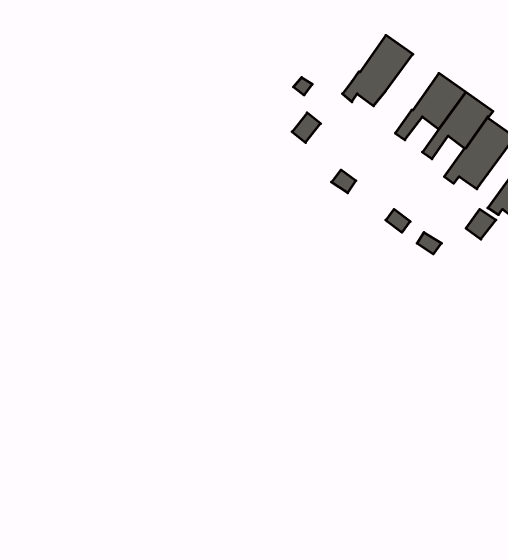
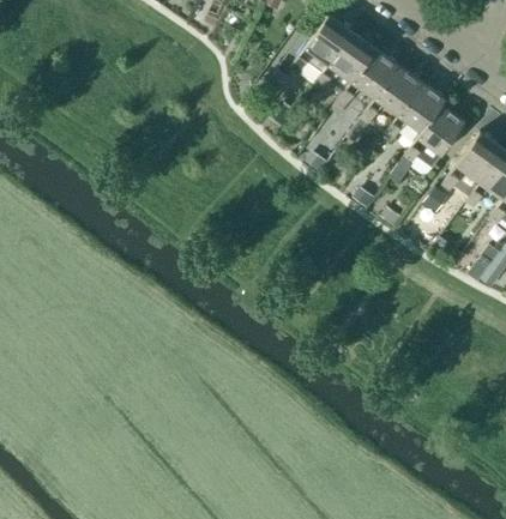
building: none -> [294,14,355,74]
building: none -> [341,49,402,108]

